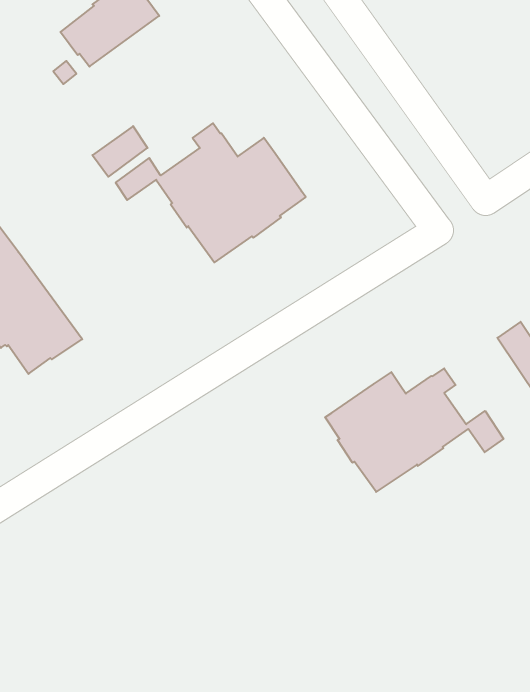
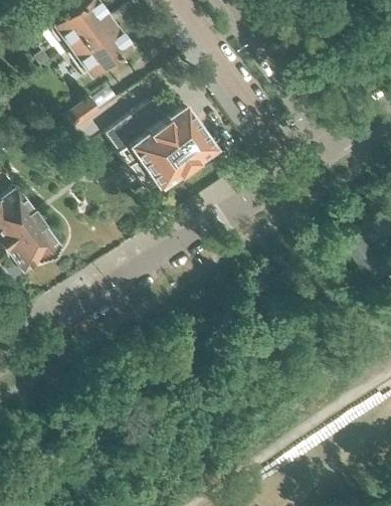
building: none -> [66,22,134,79]
building: [325,368,503,492] -> none

